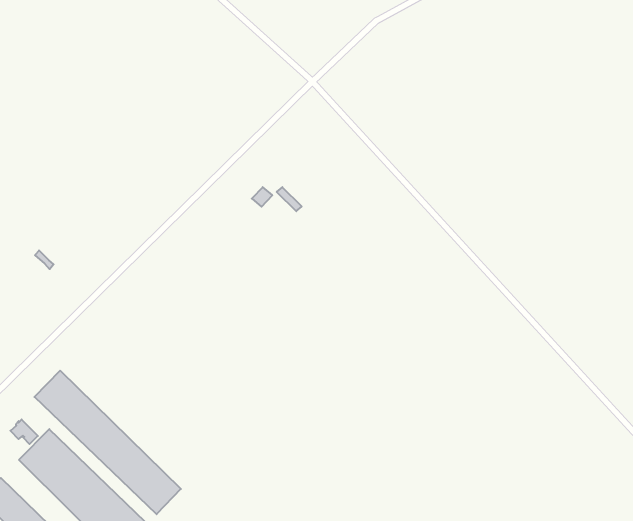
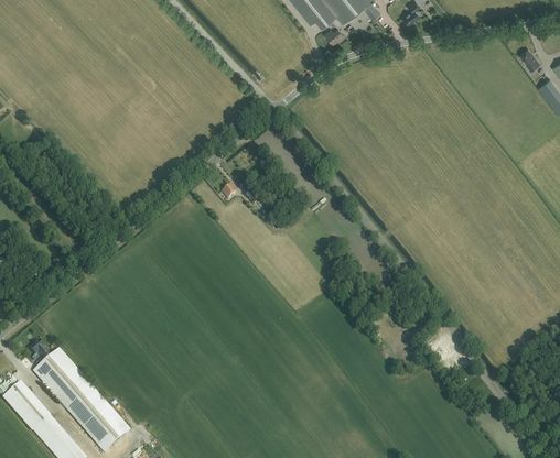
building: [34,371,181,514] -> none

